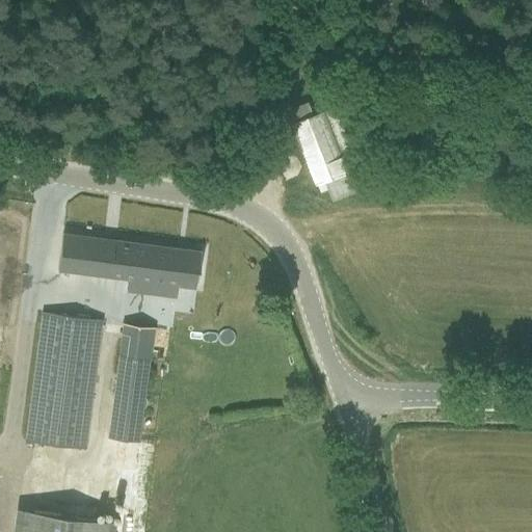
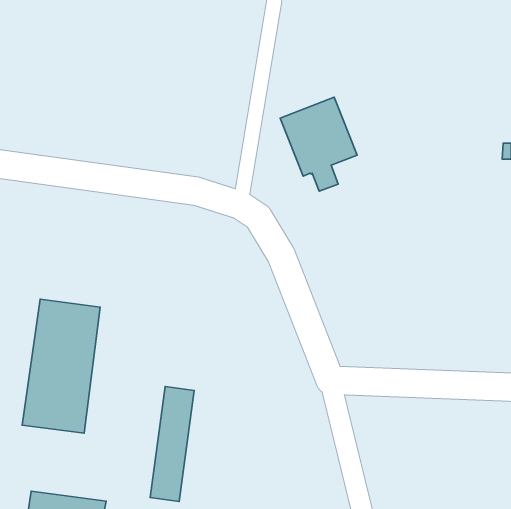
building: [57,235,201,296] -> none
building: [108,326,154,446] -> [150,386,194,501]

